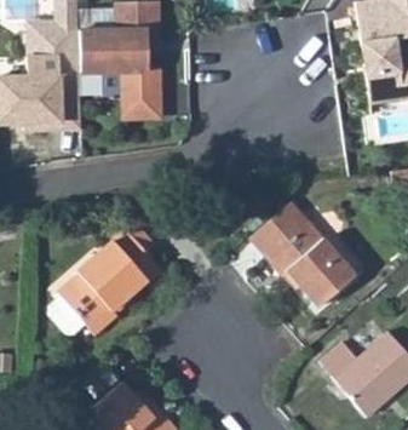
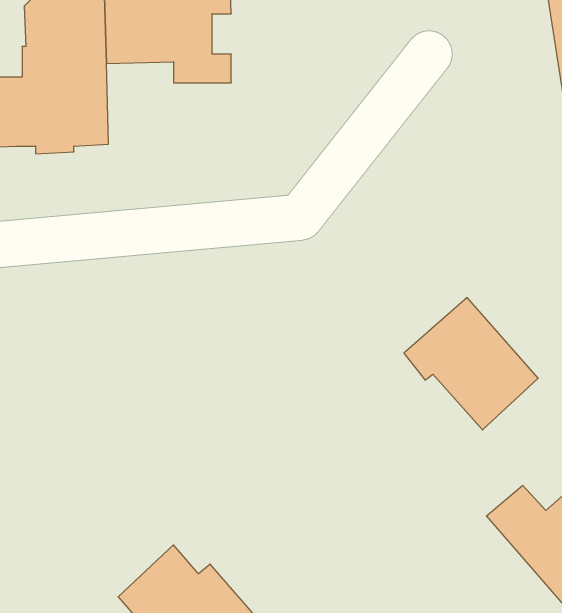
building: [123,86,161,120] -> none
building: [249,200,309,257] -> none
building: [48,227,162,331] -> none

